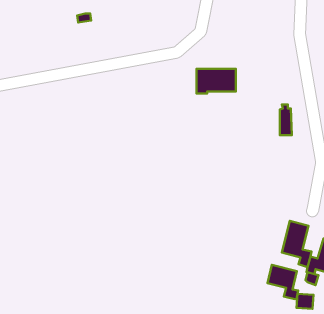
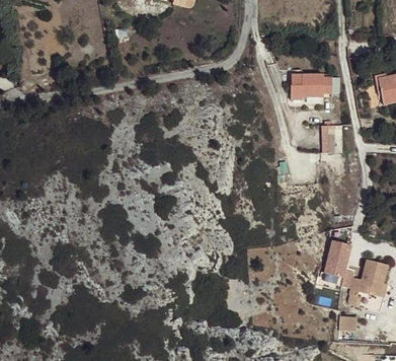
building: [196,69,236,94] -> [290,74,330,99]
building: [267,265,298,299] -> none

